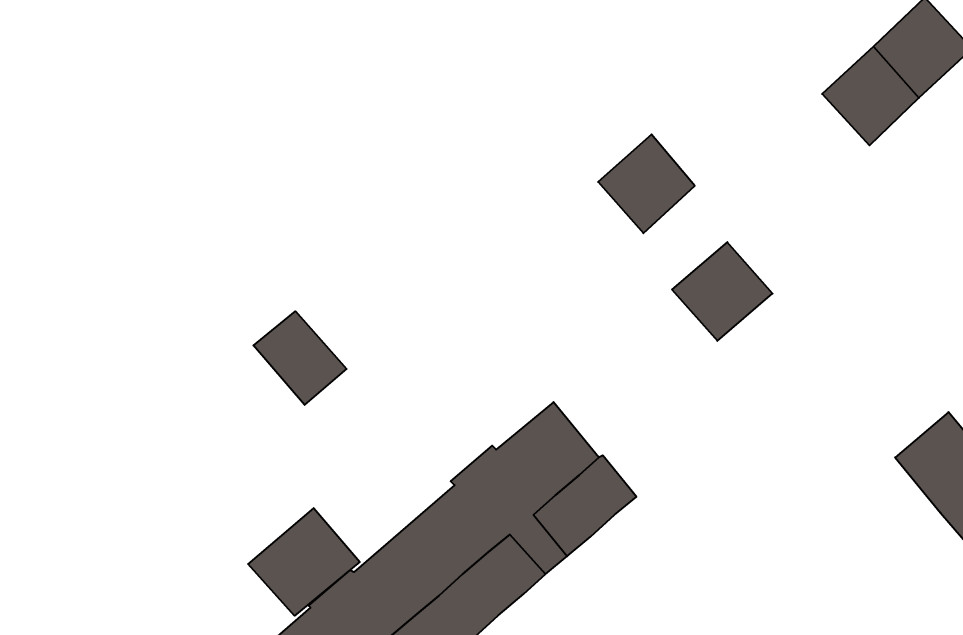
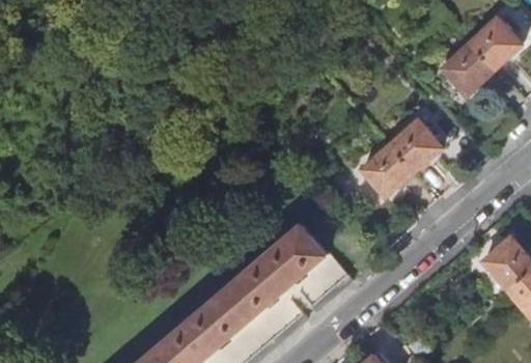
building: [598,134,695,233] -> [391,117,442,169]
building: [253,311,347,405] -> none
building: [248,508,360,616] -> none

